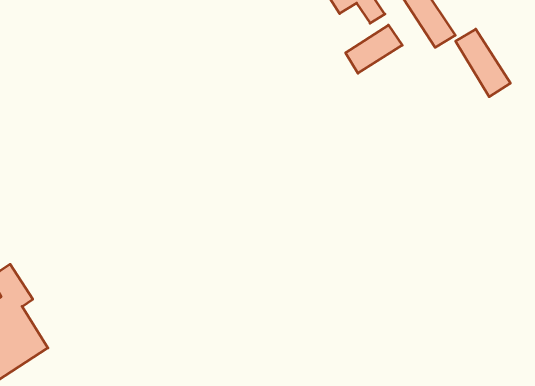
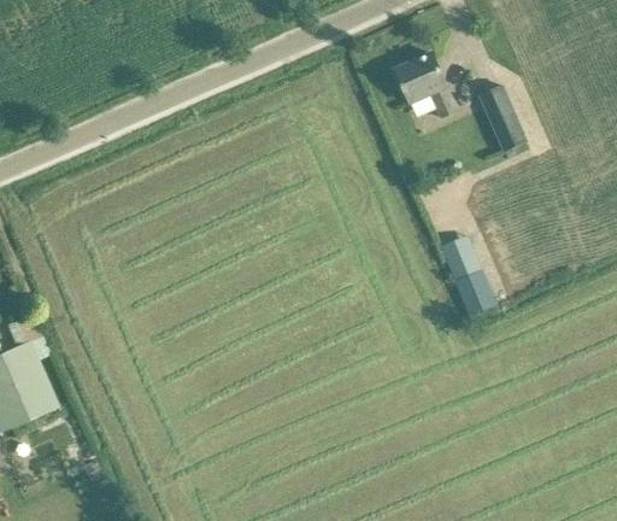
building: [346,25,402,73] -> none
building: [456,29,510,97] -> [445,242,495,315]

